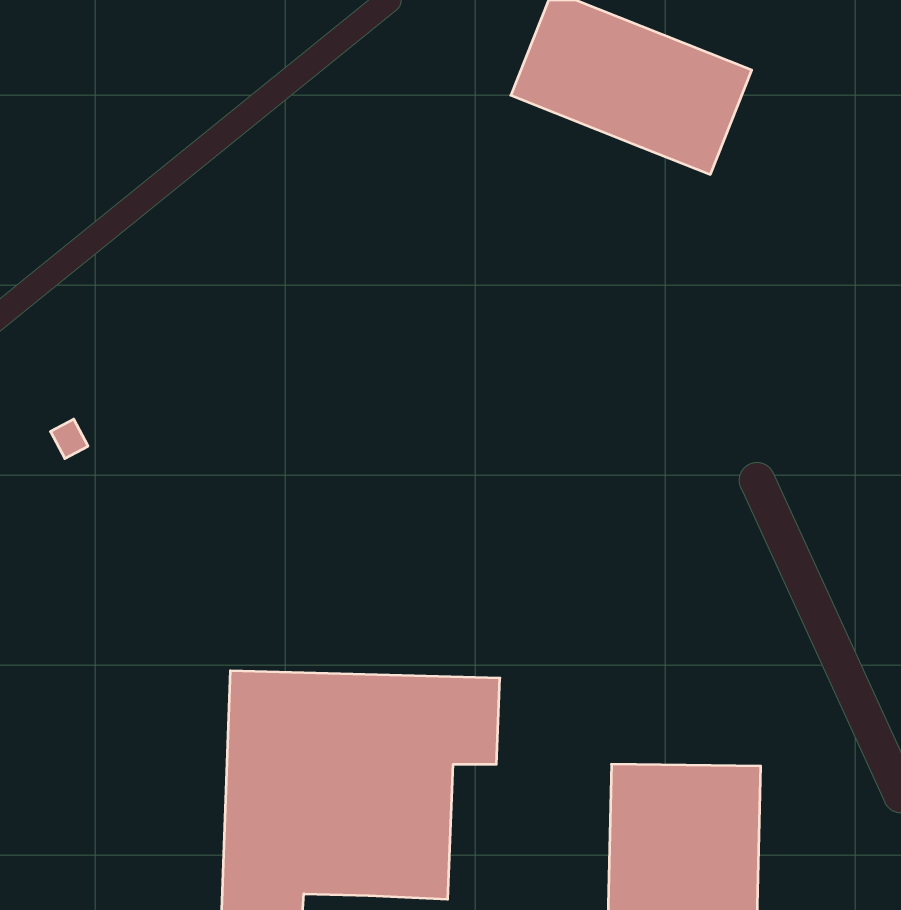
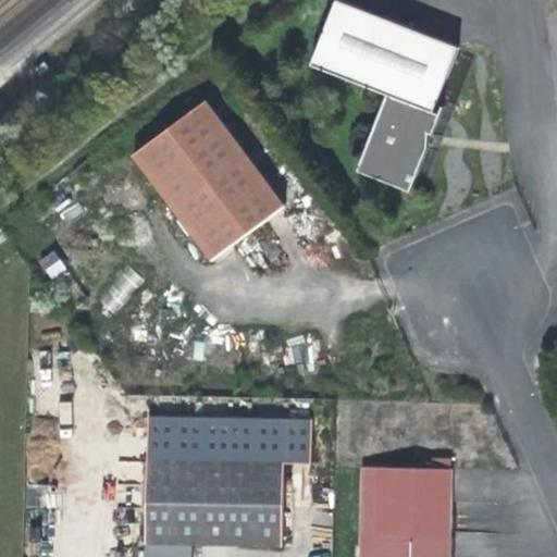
building: none -> [359,95,441,188]
building: none -> [133,102,282,259]

